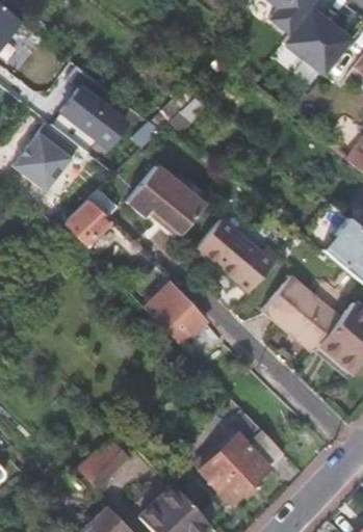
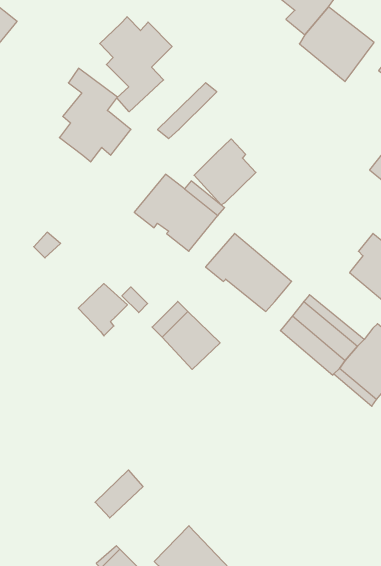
building: none -> [100,17,172,112]
building: [12,121,80,191] -> none
building: none -> [194,139,256,205]
building: [64,200,110,248] -> [78,284,127,336]
building: [201,428,286,503] -> none

